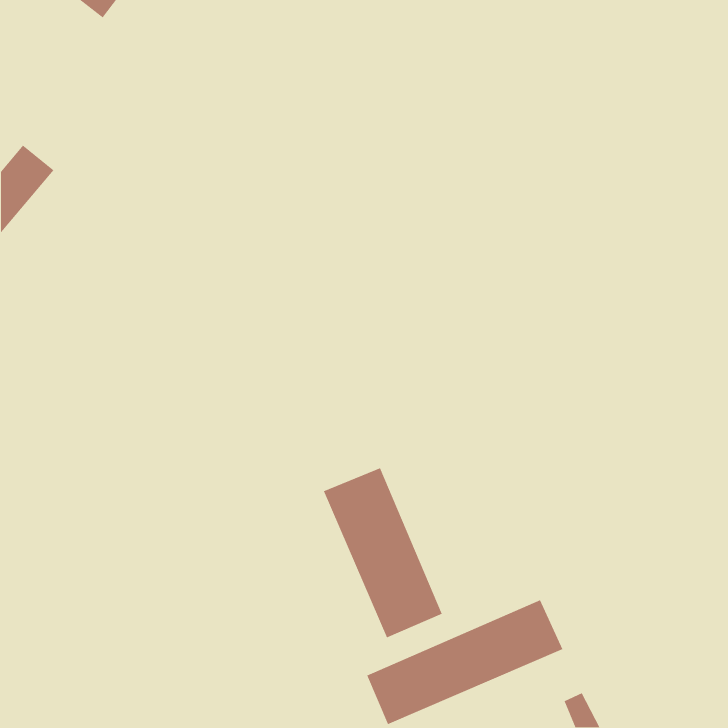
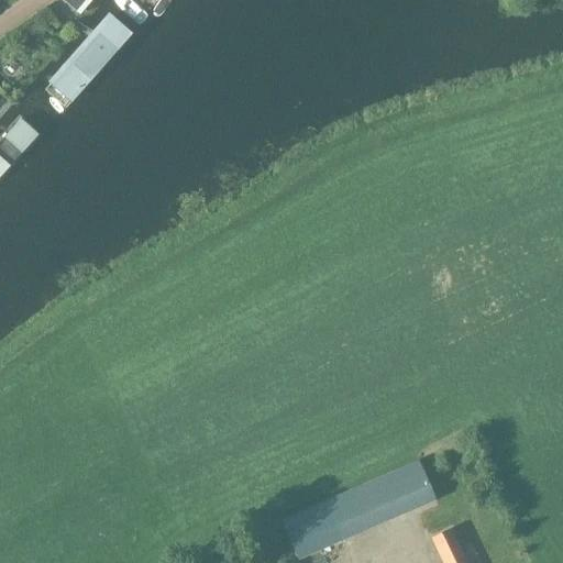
building: none -> [44,12,131,106]
building: [323,467,443,638] -> none

